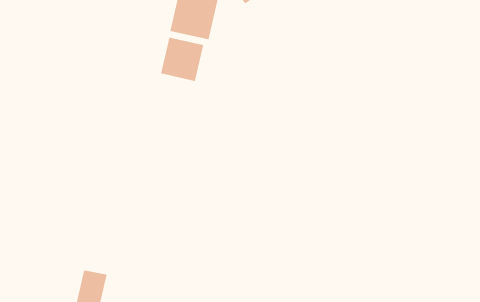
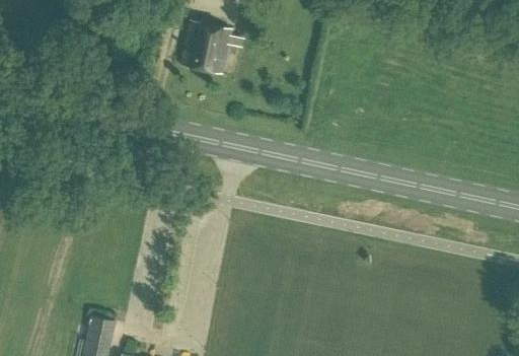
building: [161,37,204,82] -> none

